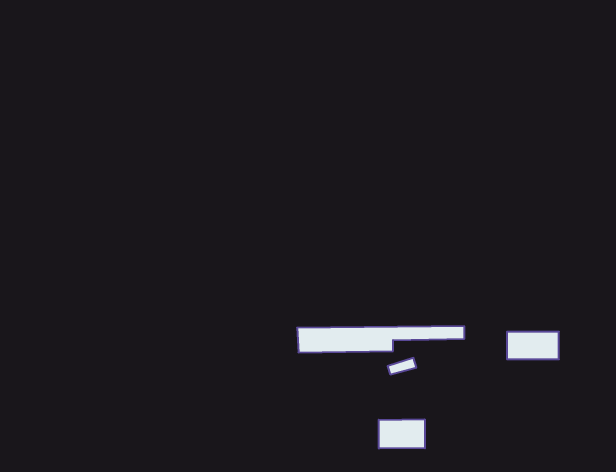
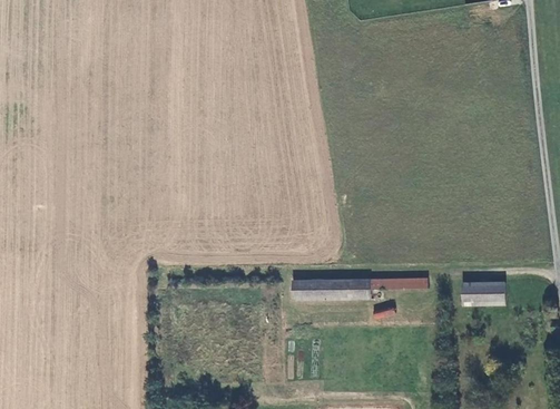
building: [379,419,425,449] -> none

